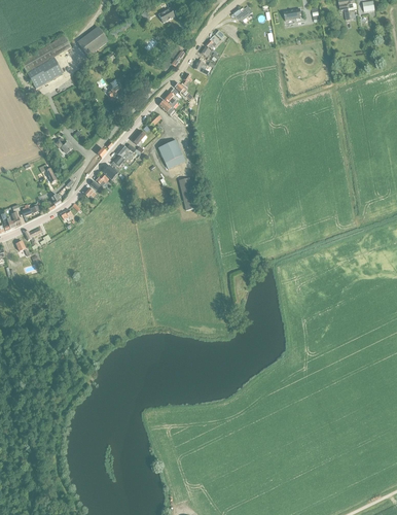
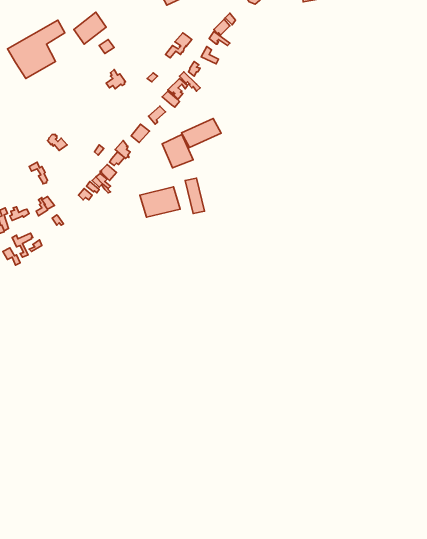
building: none -> [181,119,221,147]
building: none -> [140,187,180,217]

